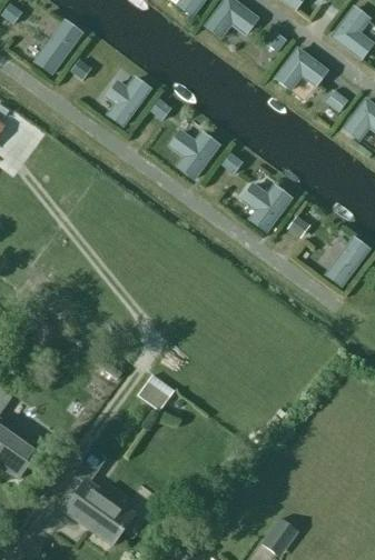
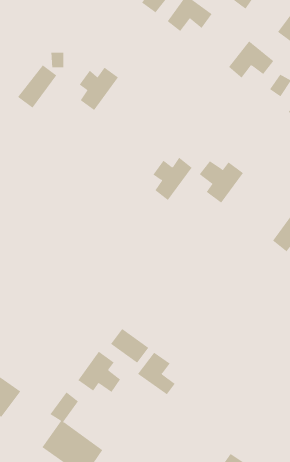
building: [34,24,80,74] -> [17,65,57,109]
building: [177,129,223,179] -> [153,157,193,201]
building: none -> [77,351,121,393]
building: none -> [137,352,175,395]

